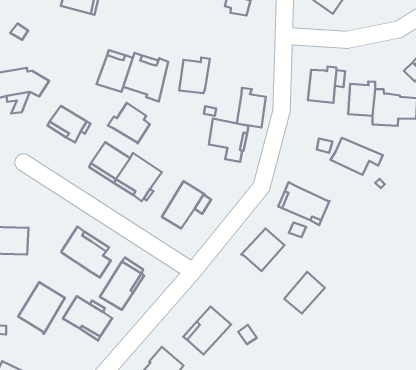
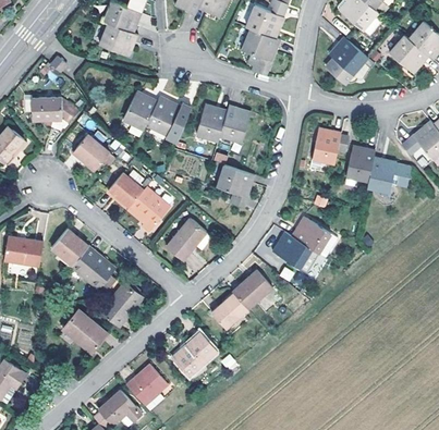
building: [237,88,266,128] -> [220,105,249,143]
building: [108,103,150,143] -> none
building: [330,138,383,175] -> [291,217,339,253]
building: none -> [50,229,88,267]
building: [284,272,325,314] -> [211,292,249,329]
building: [18,282,65,334] -> none

